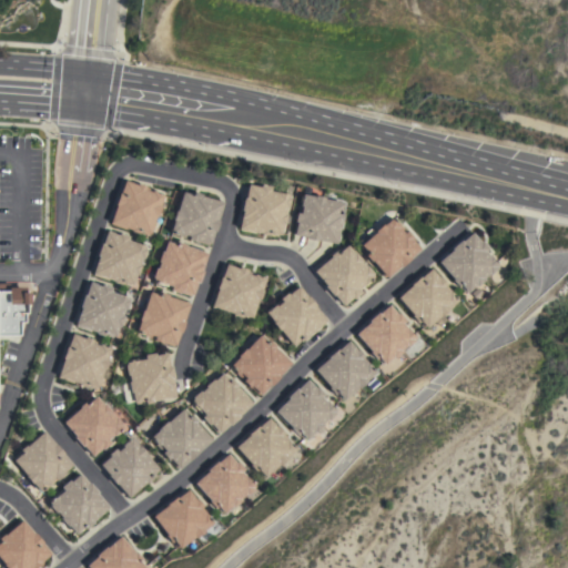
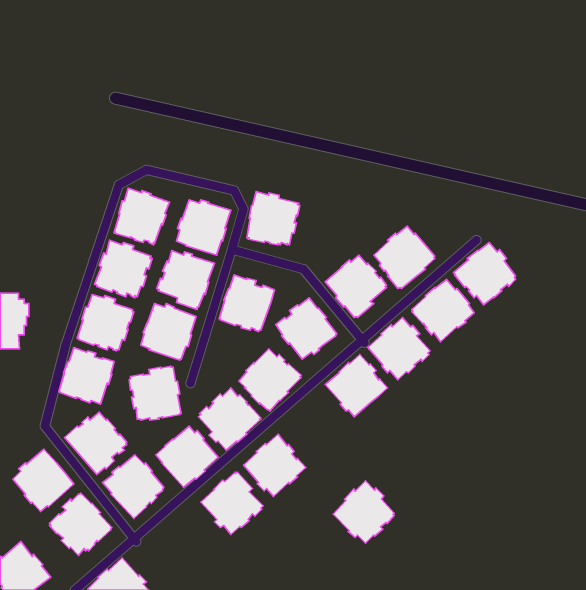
building: [295,194,346,244] -> none
building: [277,379,336,439] -> [333,481,394,543]
building: [154,490,214,548] -> none

